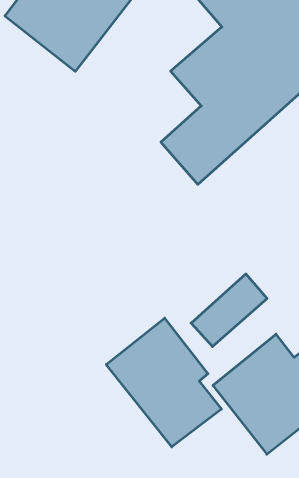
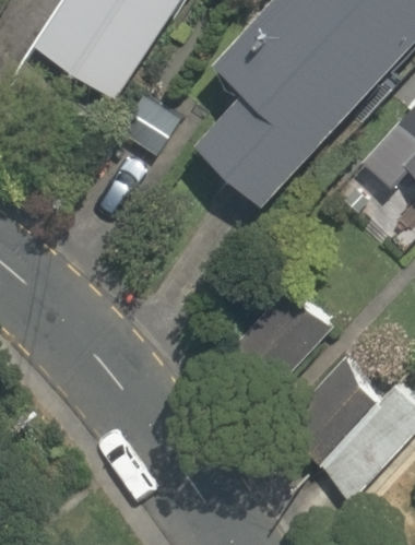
building: [106,318,221,447] -> none

